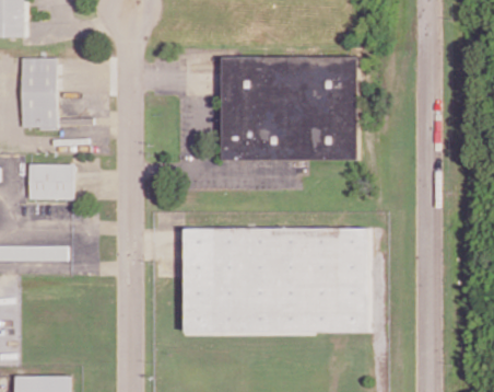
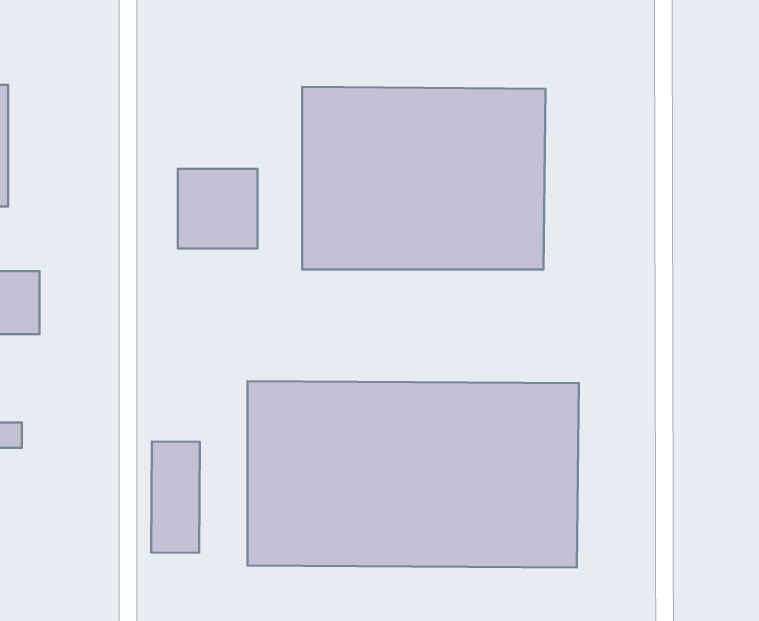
building: none -> [178,169,257,248]
building: none -> [151,441,200,553]

